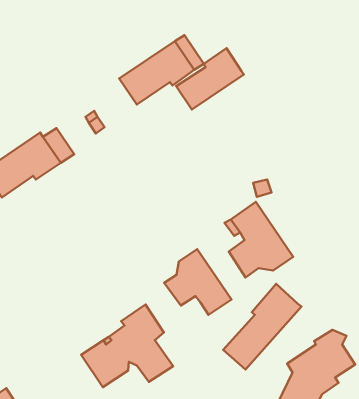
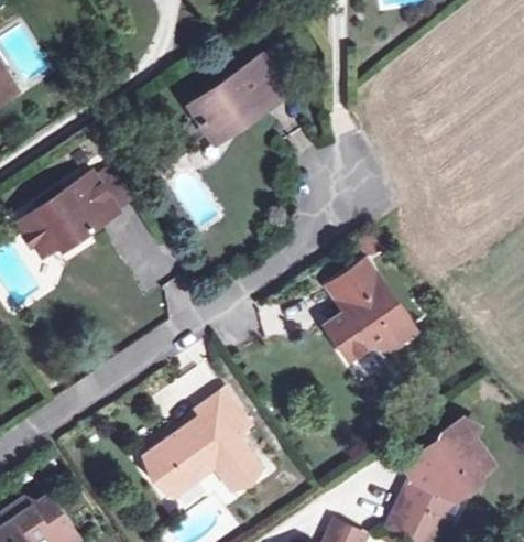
building: [176,48,244,109] -> none
building: [164,249,231,315] -> none
building: [223,284,302,370] -> none

